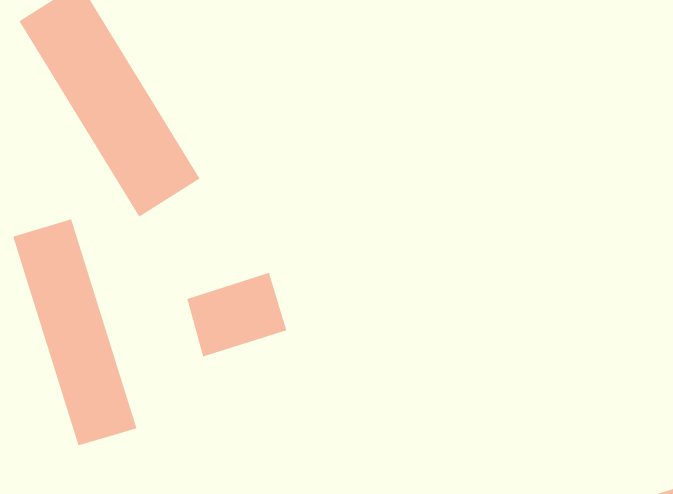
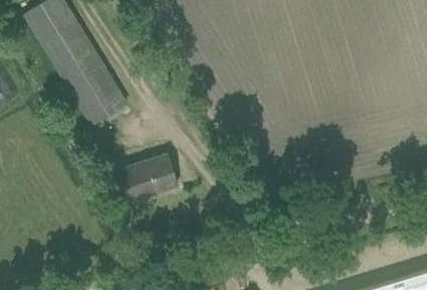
building: [12,218,137,446] -> none

